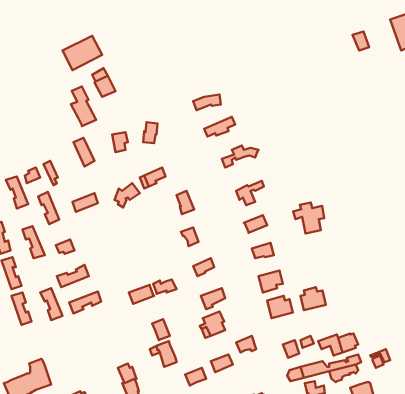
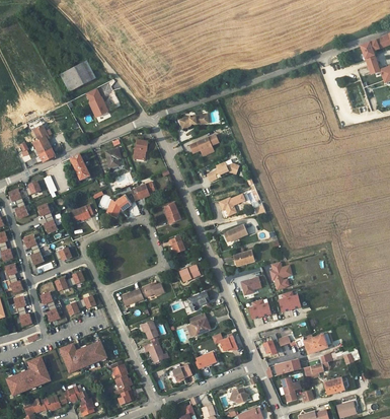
building: [71,87,96,126] -> [32,126,56,162]
building: [293,203,324,234] -> [263,262,292,290]
building: none -> [60,341,106,372]

